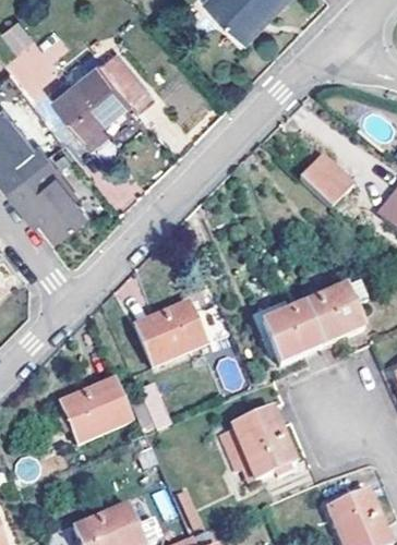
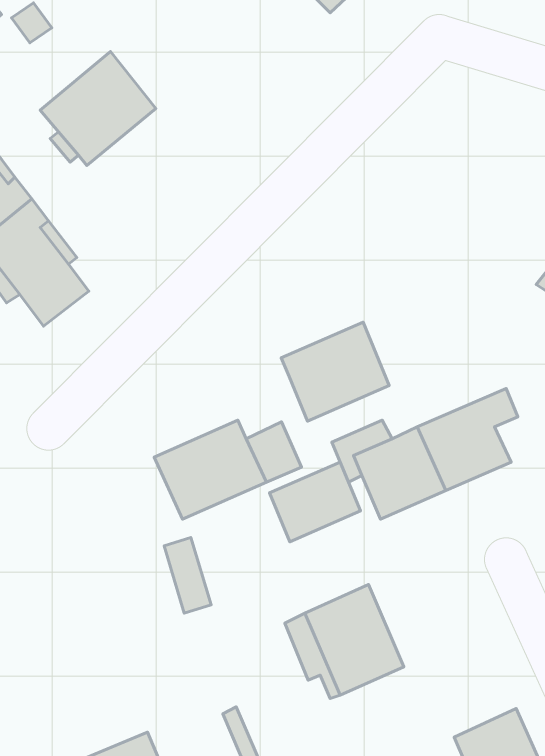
building: [299,153,353,206] -> none
building: none -> [281,322,389,421]
building: none -> [269,462,360,542]
building: [56,379,131,444] -> none

